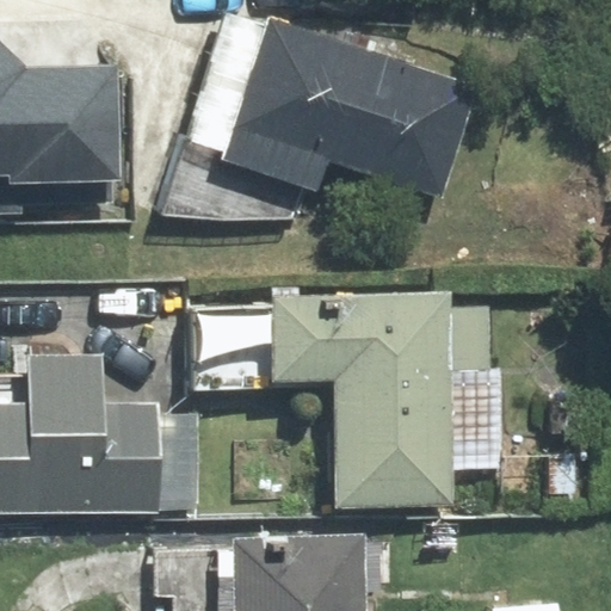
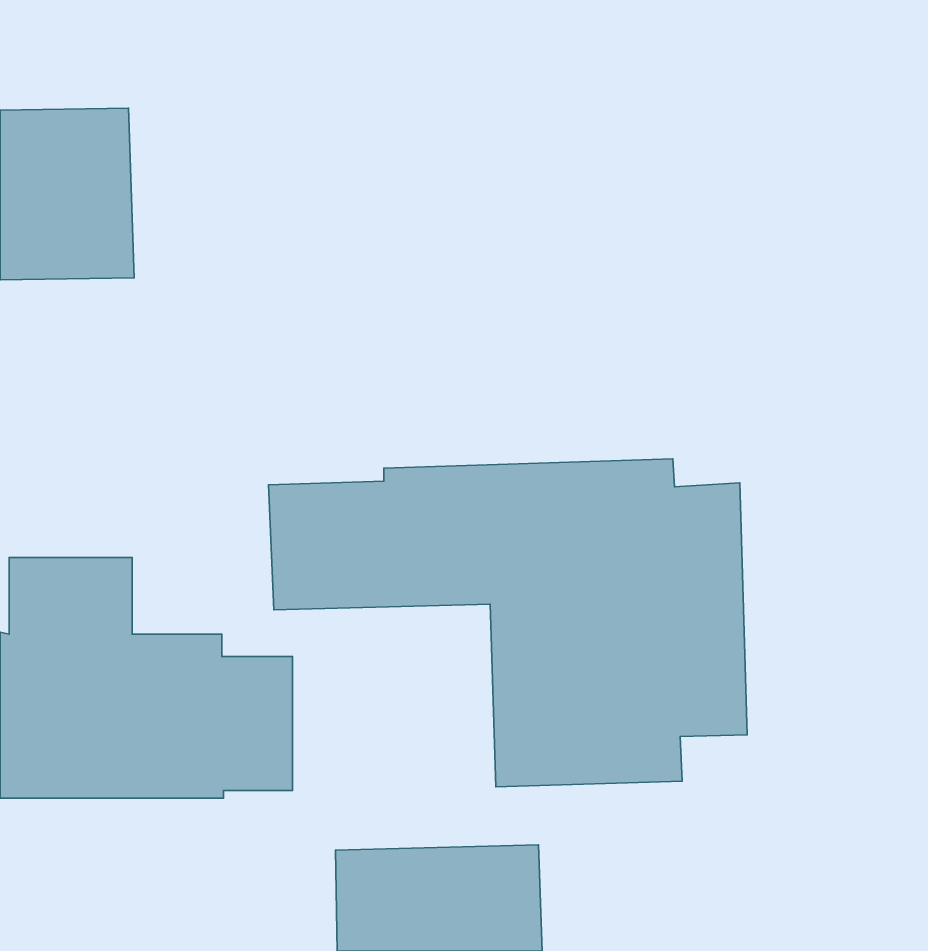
building: [211,21,475,196] -> none

